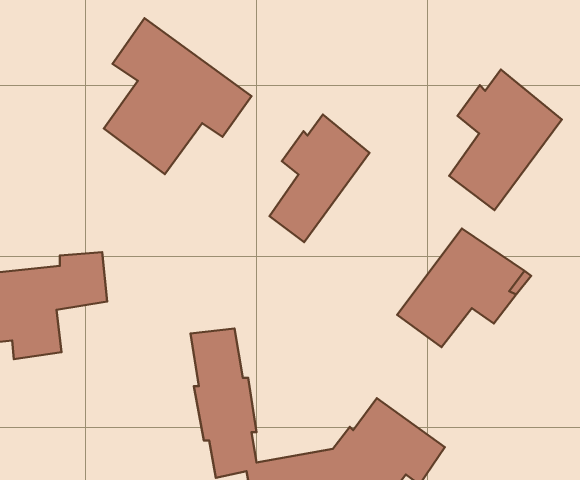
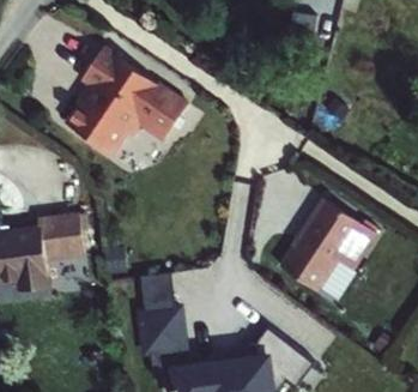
building: [449,70,562,210] -> none
building: [269,115,369,242] -> none

